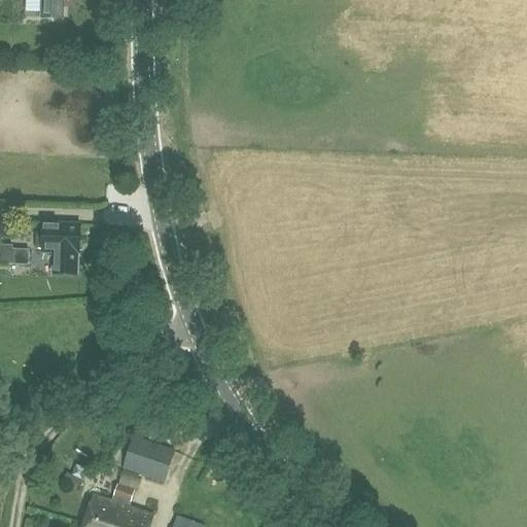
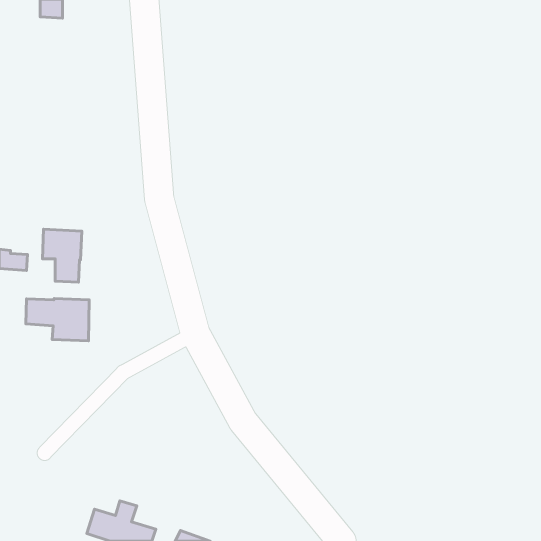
building: none -> [26,299,89,341]
building: [120,435,174,482] -> none

